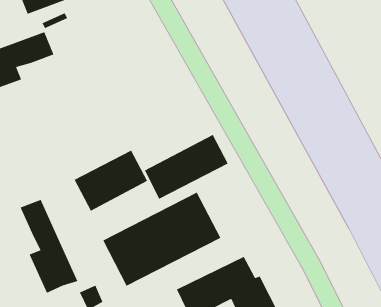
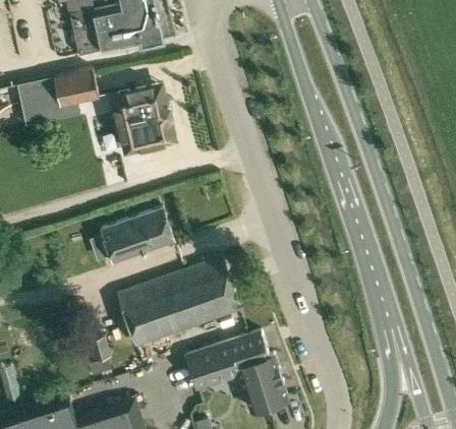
building: none -> [112,86,170,151]
building: [144,134,229,200] -> none
building: [20,199,78,294] -> none

